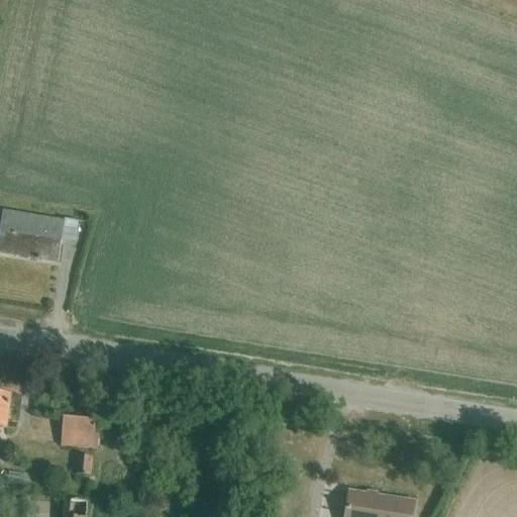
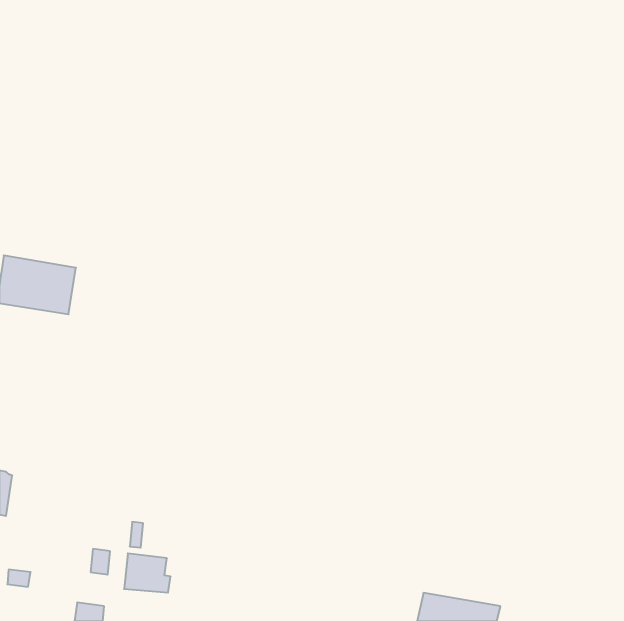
building: [60,415,98,447] -> [124,553,171,593]

